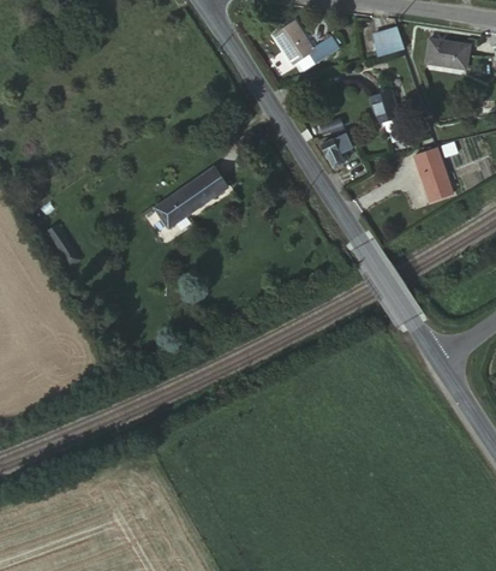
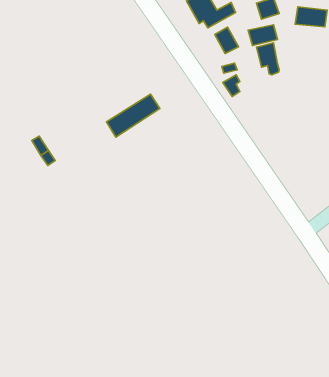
building: none -> [248,25,278,46]
building: none -> [215,27,238,53]
building: [414,148,453,204] -> none

